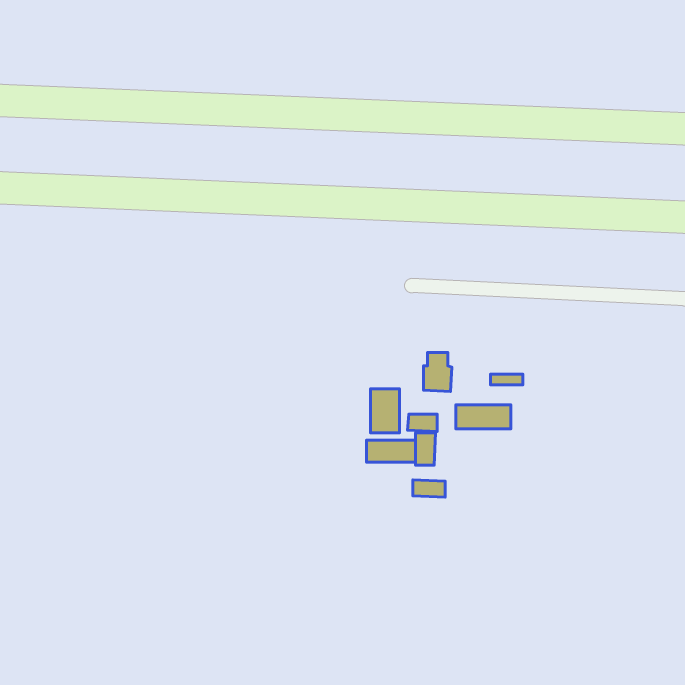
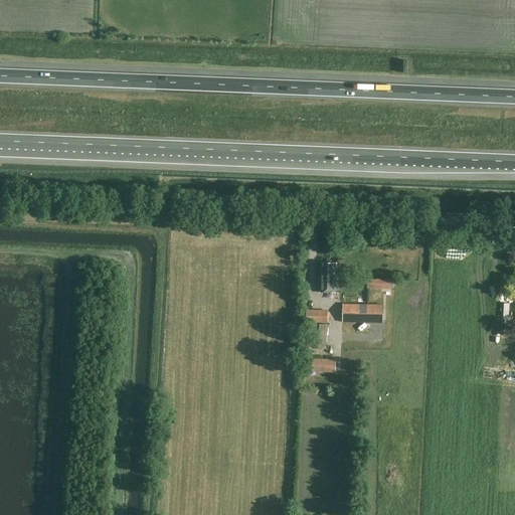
building: [371,389,399,433] -> none
building: [367,440,416,462] -> none

